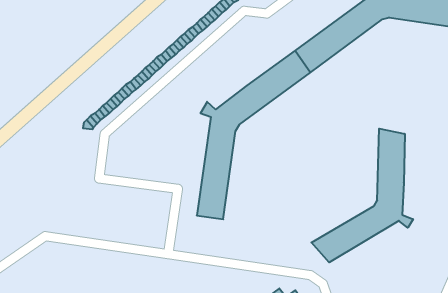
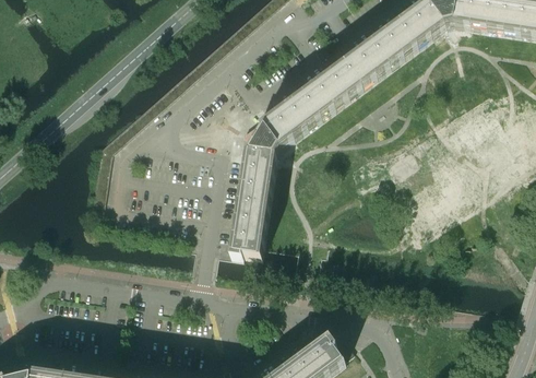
building: [311,129,413,262] -> none

